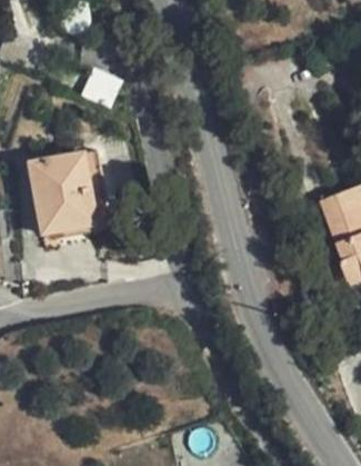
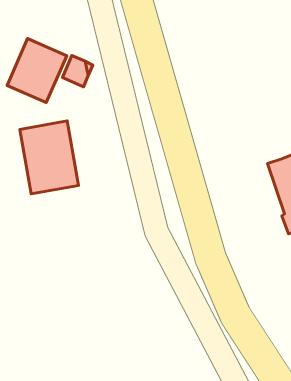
building: none -> [7,39,67,103]

